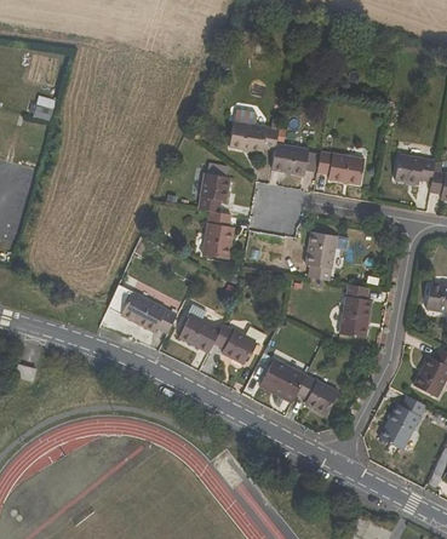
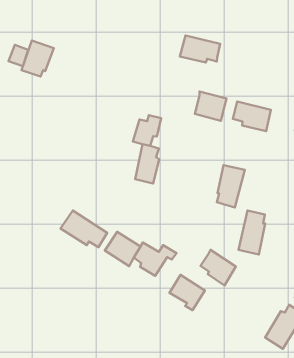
building: none -> [22,40,54,76]
building: [230,114,279,145] -> [180,35,220,63]
building: [293,378,337,420] -> [201,250,236,285]

